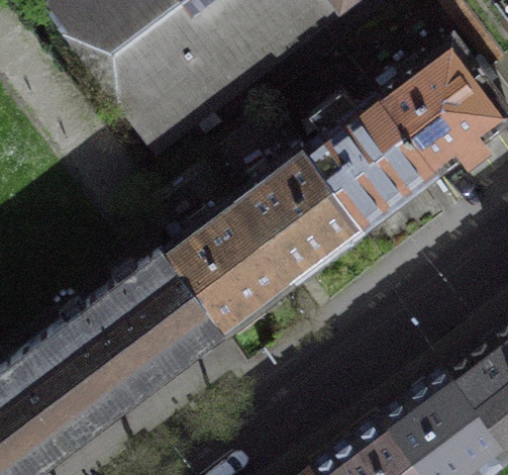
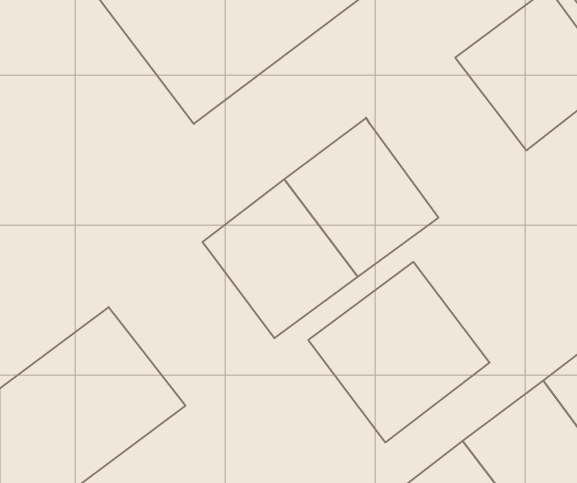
building: [318,90,449,224] -> none
building: [99,242,238,382] -> none
building: none -> [308,262,490,442]

